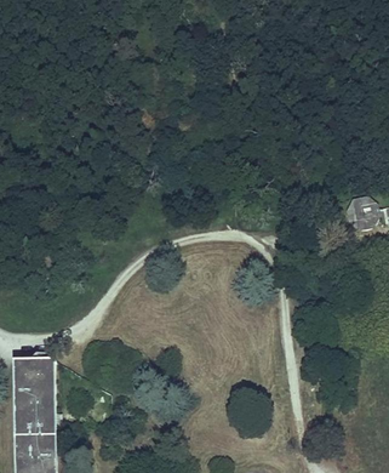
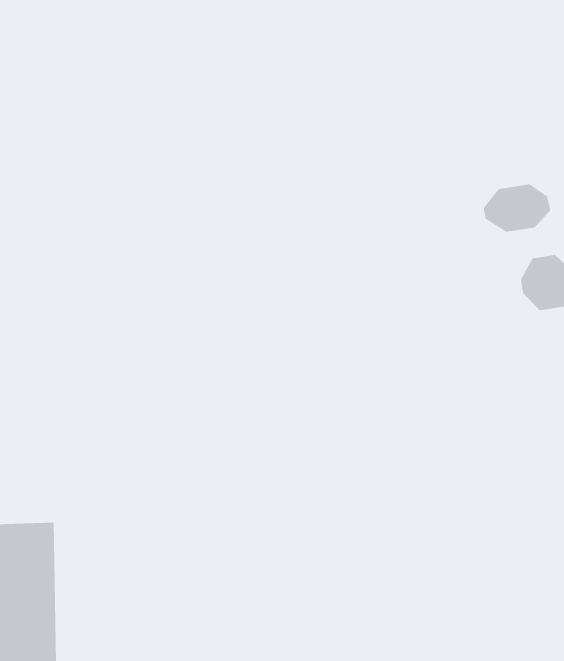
building: none -> [483,184,551,233]

